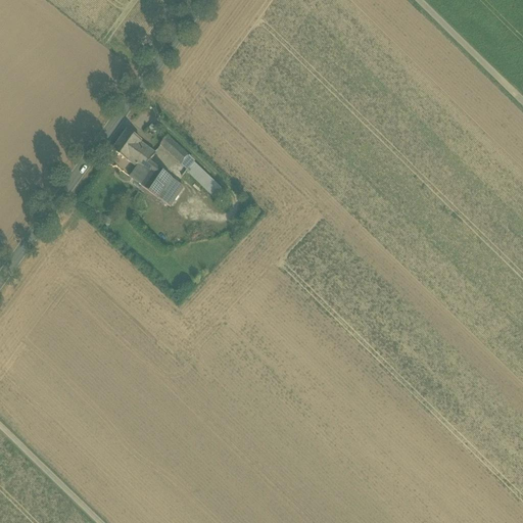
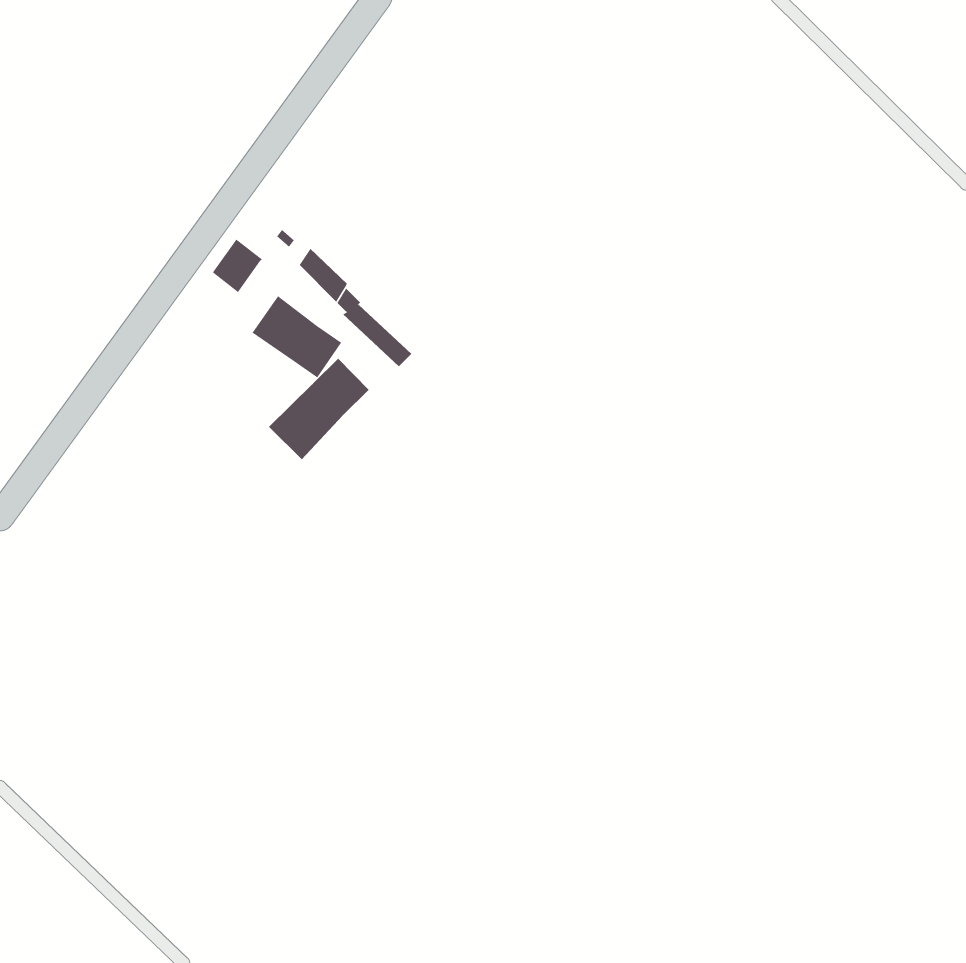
building: [129,141,155,180] -> none
building: none -> [268,358,369,460]

